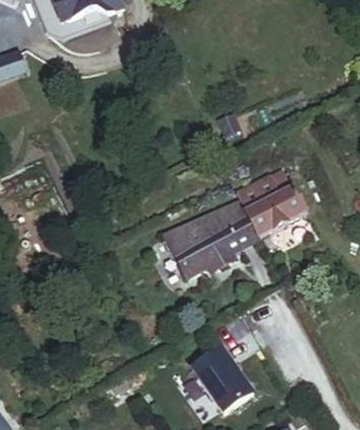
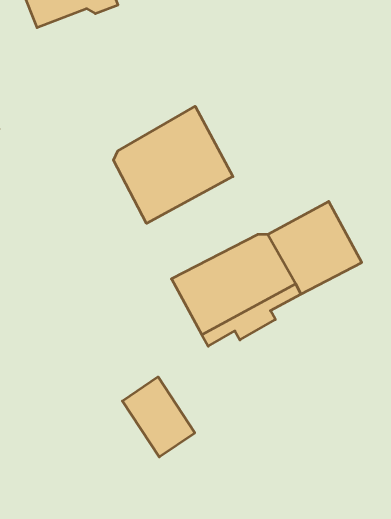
building: none -> [113,106,233,223]
building: [196,347,254,411] -> [122,377,195,457]

